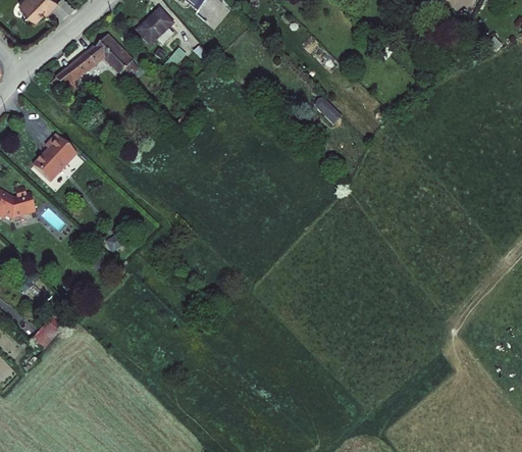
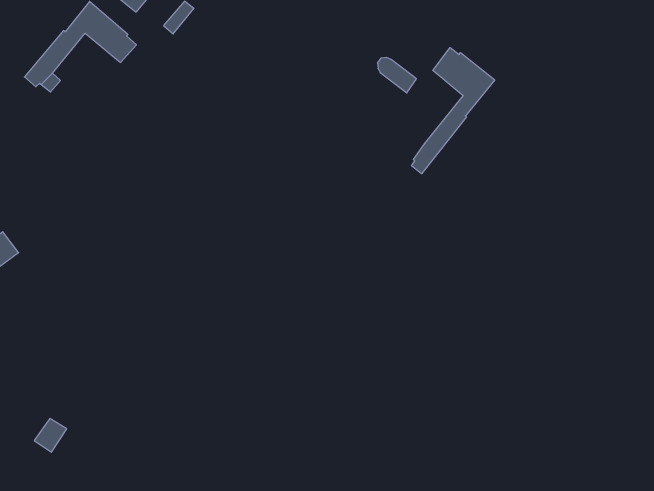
building: none -> [412,48,495,174]
building: [37,132,81,179] -> none

